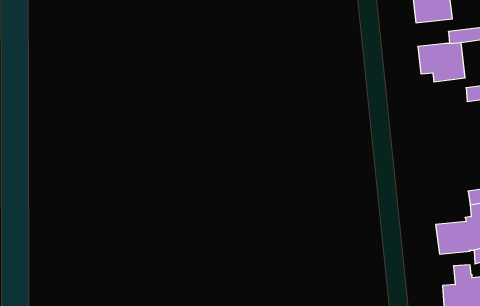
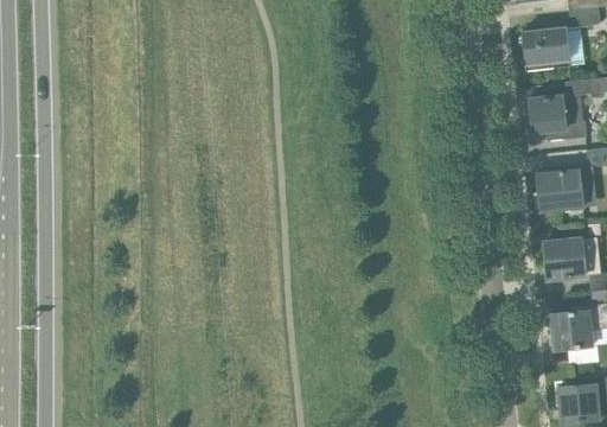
building: none -> [535,164,582,211]
building: none -> [542,238,583,279]

